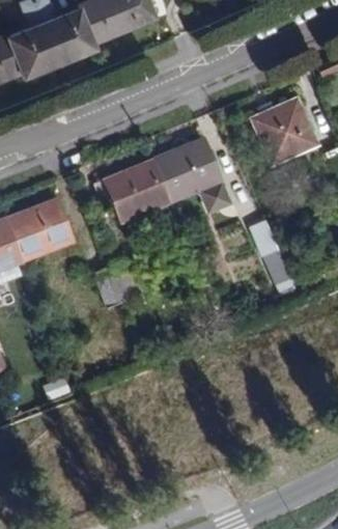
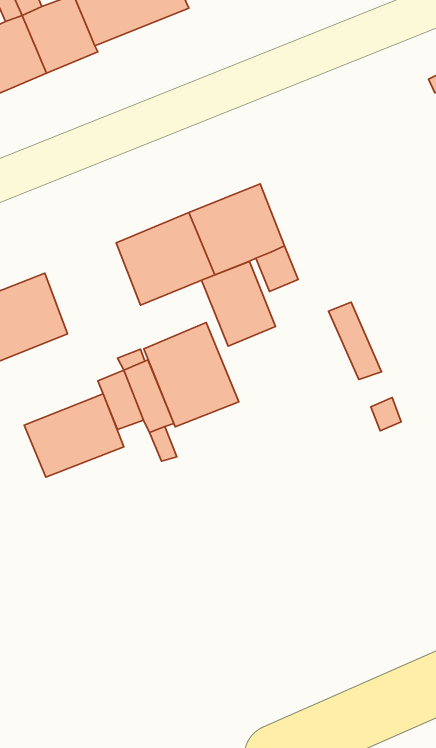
building: [250,99,316,164] -> none
building: none -> [202,261,275,346]
building: none -> [144,322,239,427]
building: none -> [24,394,124,477]

